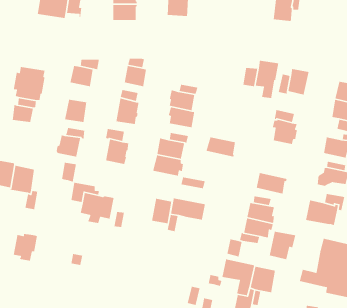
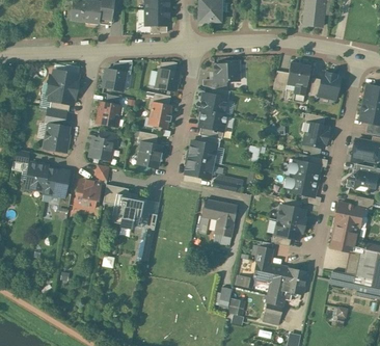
building: none -> [214,62,239,82]
building: none -> [45,125,69,153]
building: [206,136,236,157] -> [290,161,320,182]
building: [151,198,172,224] -> [213,220,234,246]
building: [269,231,296,260] -> [332,223,359,252]
building: [13,233,38,262] -> [75,182,100,210]

